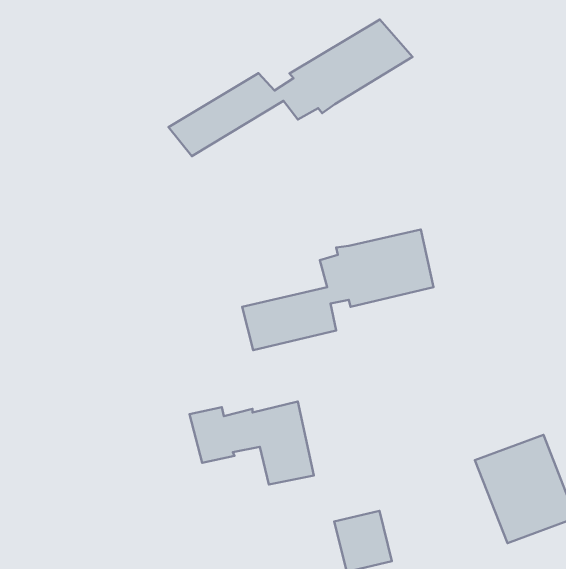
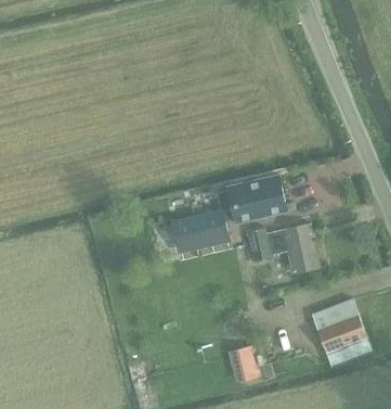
building: [168,19,413,156] -> none
building: [189,402,314,485] -> [246,225,321,274]

